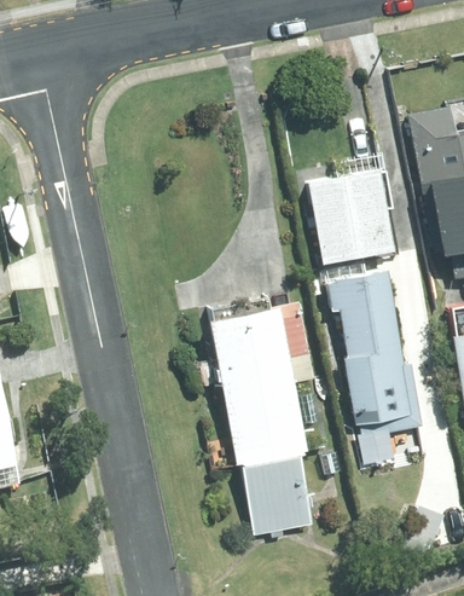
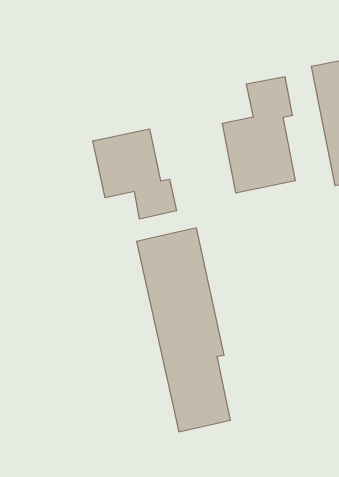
building: none -> [93,129,177,219]
building: [329,267,428,442] -> none

